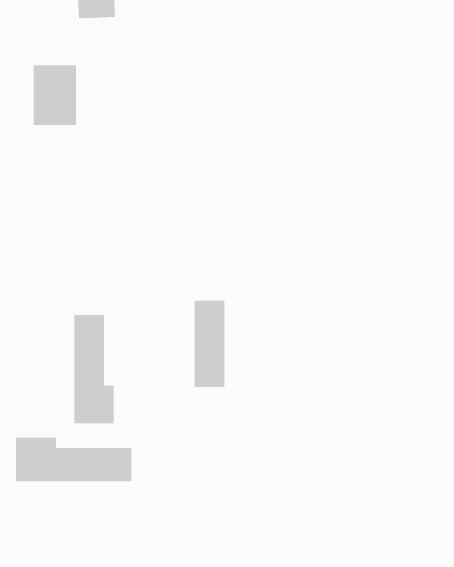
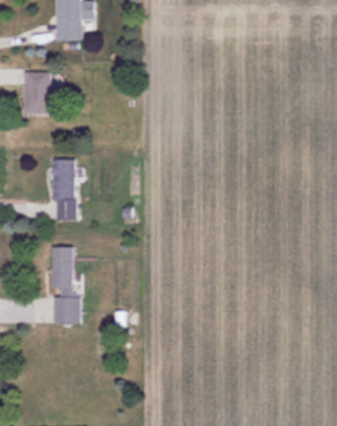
building: [194,300,225,388] -> [53,159,75,221]
building: [15,437,132,482] -> none

